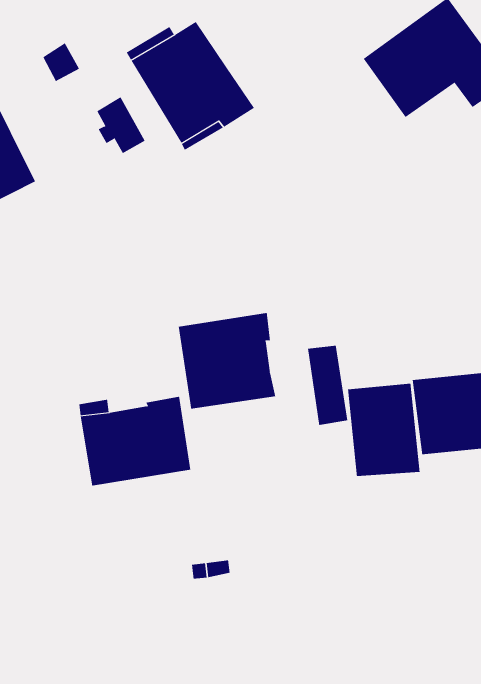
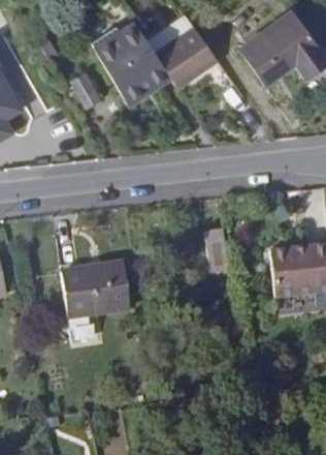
building: none -> [153,27,217,88]
building: [178,312,276,410] -> none
building: [347,383,420,477] -> none

